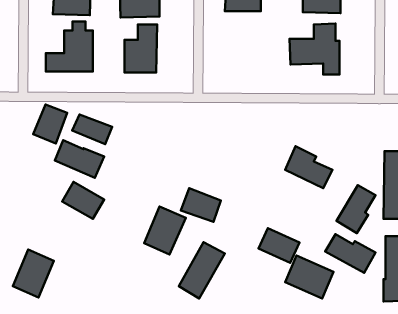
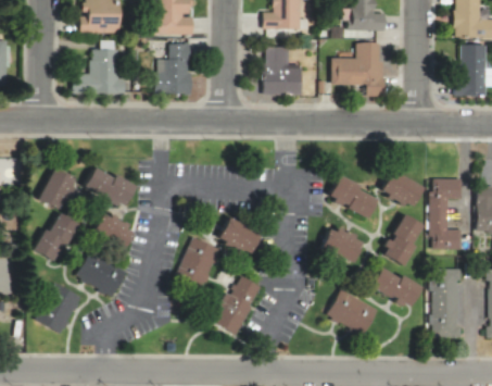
building: none -> [264,47,302,96]
building: [33,105,67,143] -> [38,167,74,209]
building: [72,114,112,144] -> none
building: none -> [379,170,422,207]
building: none -> [36,211,75,261]
building: none -> [76,249,128,298]
building: [258,228,299,263] -> [319,225,363,262]

